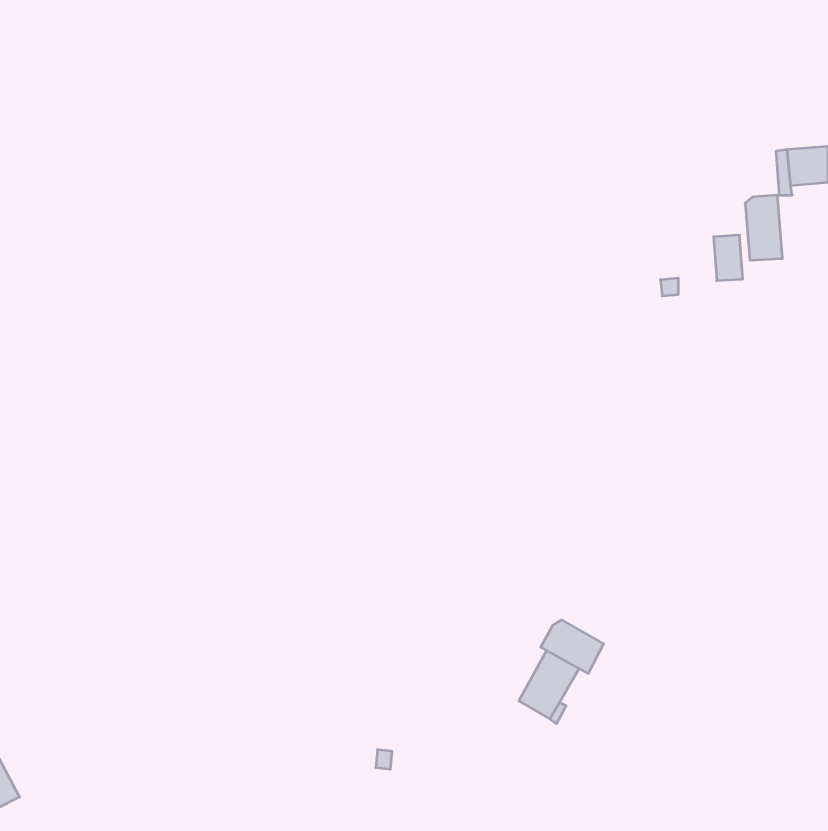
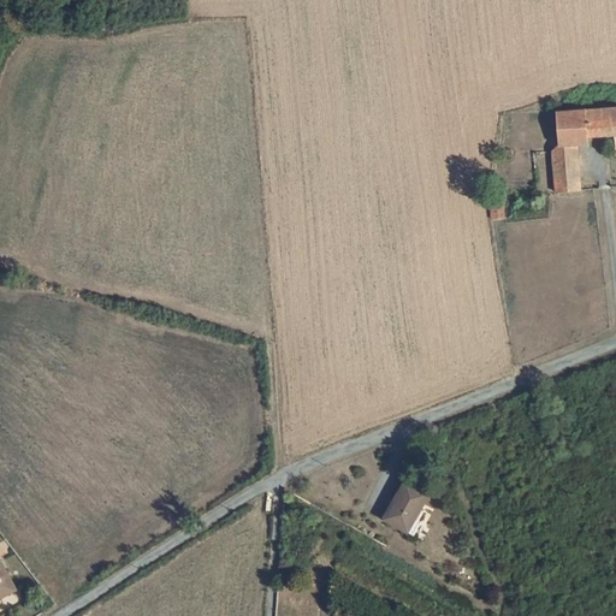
building: [714,235,743,281] -> [555,112,576,146]
building: [541,620,604,673] -> none

